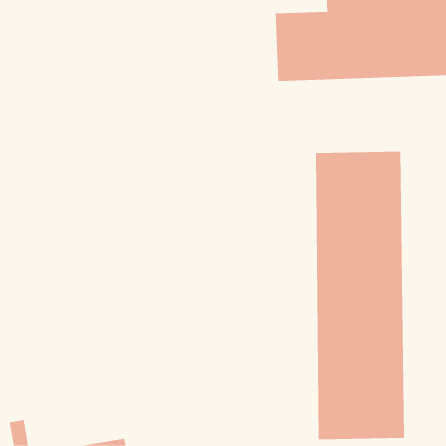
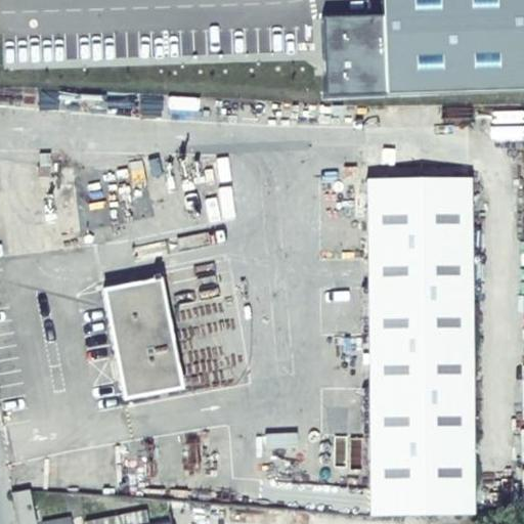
building: none -> [106,278,183,397]

